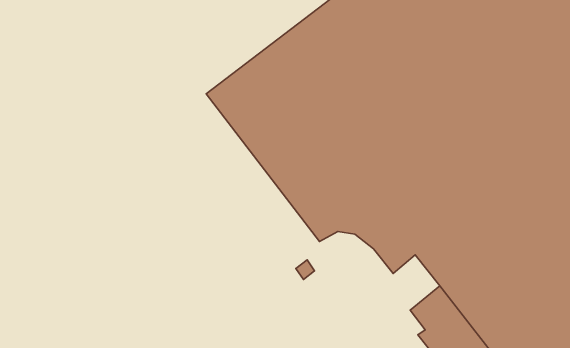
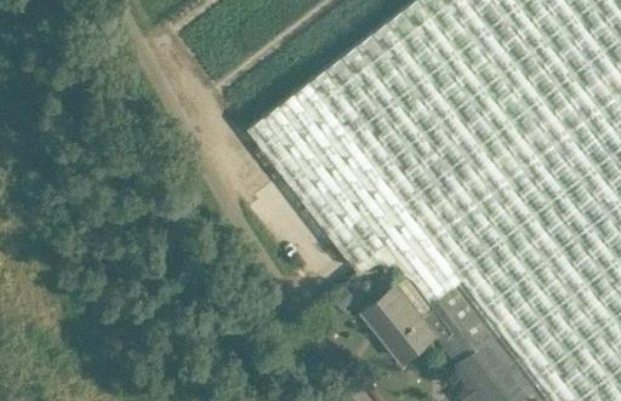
building: none -> [364,285,478,362]

